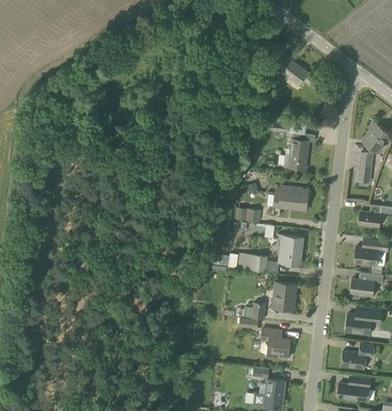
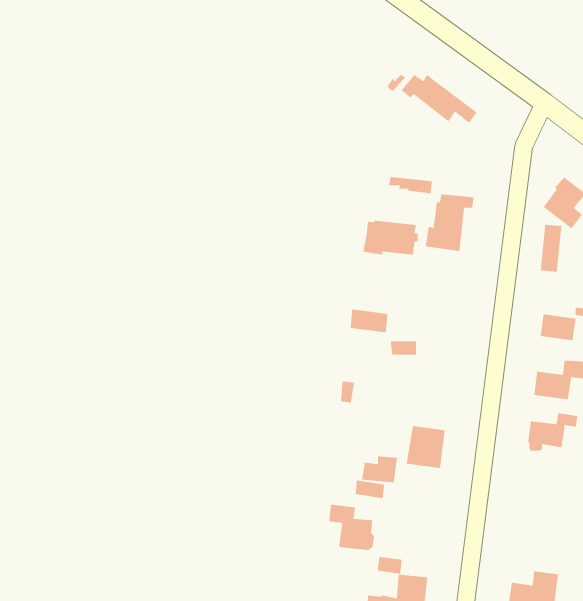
building: [273,186,309,209] -> [362,220,418,255]
building: [278,235,303,264] -> none
building: [240,253,268,272] -> none
building: [345,307,381,334] -> none
building: [261,328,291,358] -> [329,504,375,550]
building: [341,343,374,370] -> none

